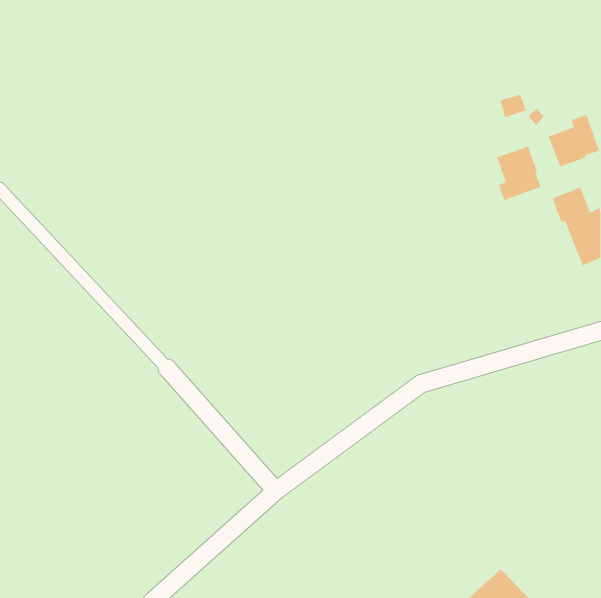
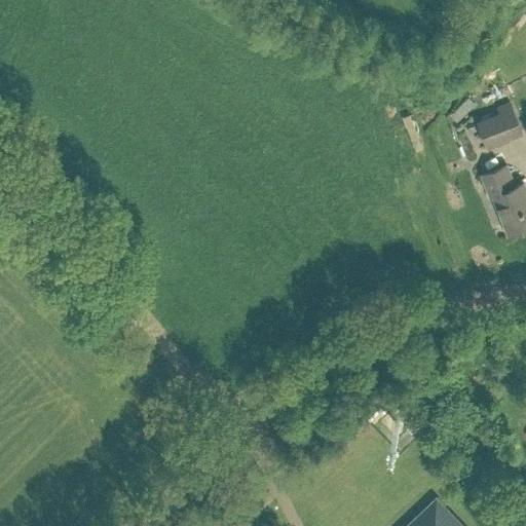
building: [496,146,541,201] -> none

